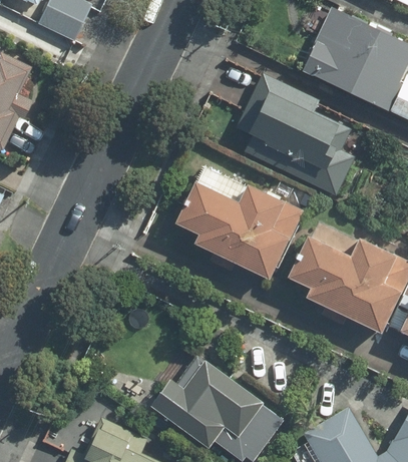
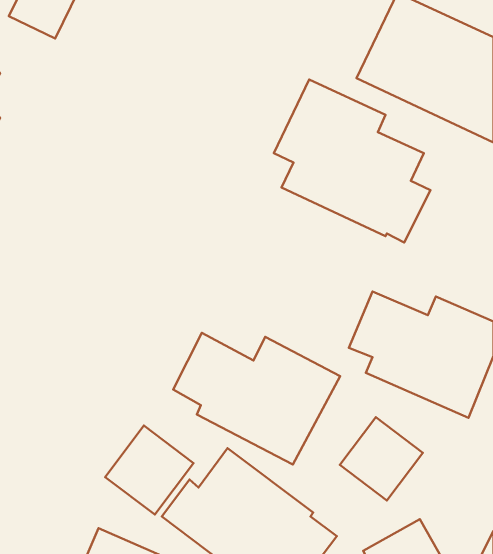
building: [179,178,307,279] -> [173,333,340,464]
building: none -> [340,417,423,500]
building: none -> [105,426,194,515]

